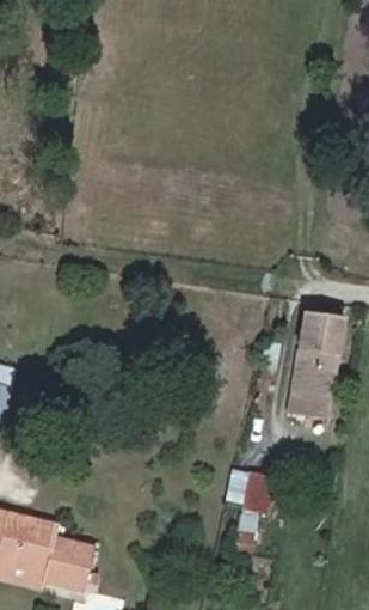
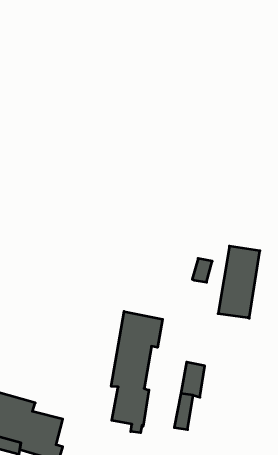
building: none -> [111,311,163,433]

